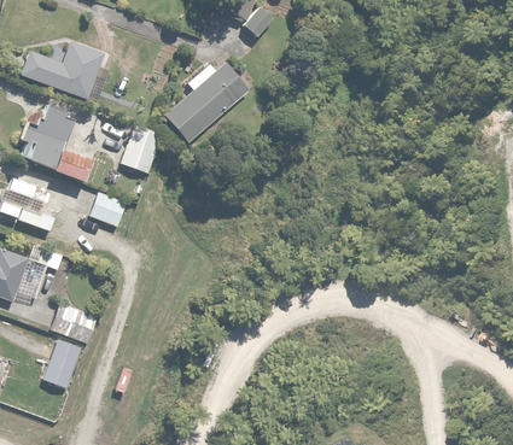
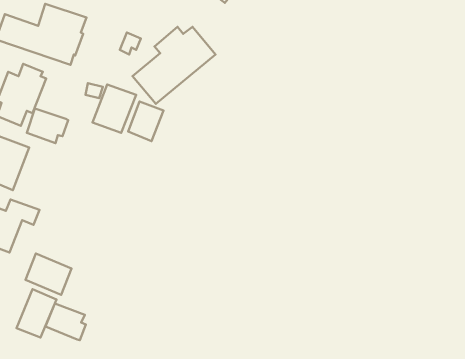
building: none -> [128,101,164,141]
building: [87,189,127,227] -> none
building: none -> [45,303,86,340]

